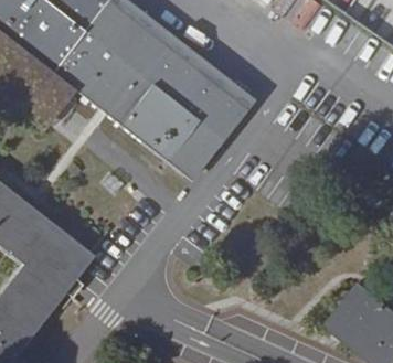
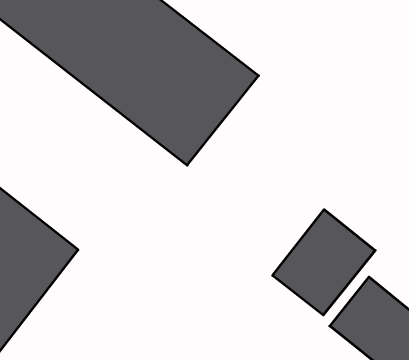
building: none -> [273,210,375,315]

